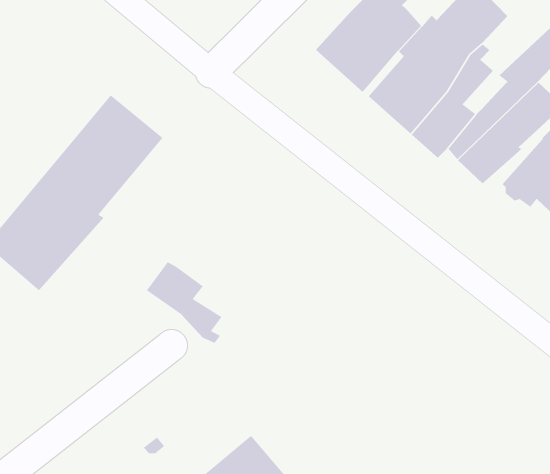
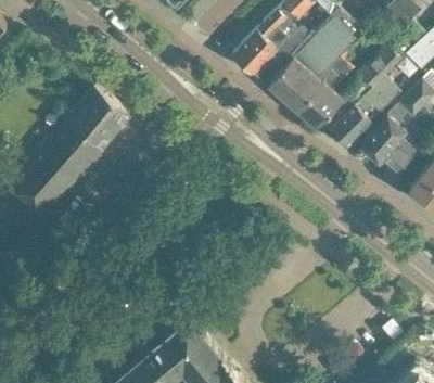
building: [146,261,222,344] -> none

